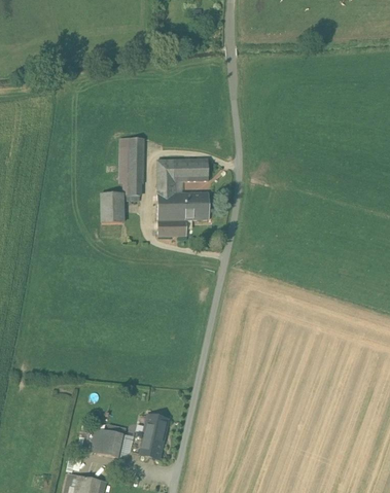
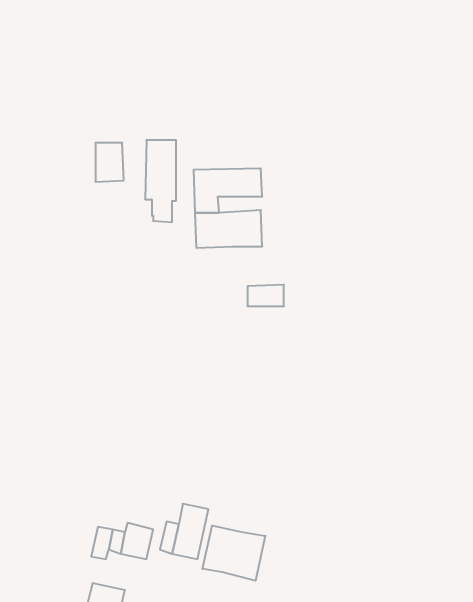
building: [102,192,123,222] -> [95,143,124,182]
building: [158,218,186,235] -> [248,285,284,306]
building: none -> [203,526,265,581]

